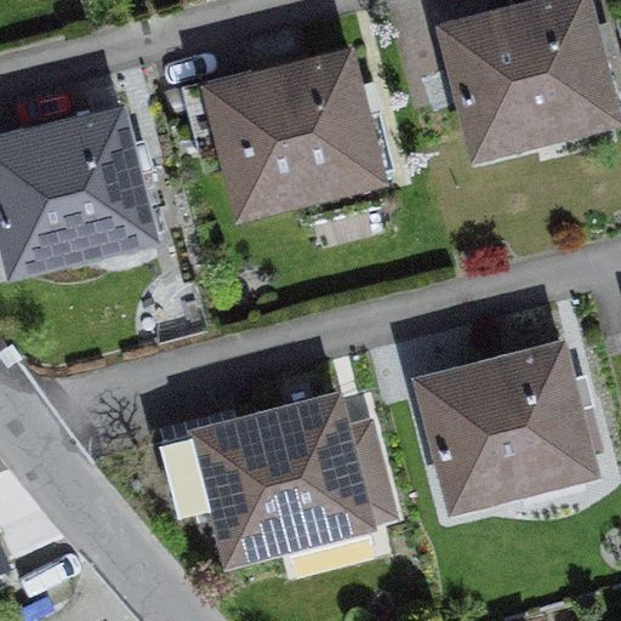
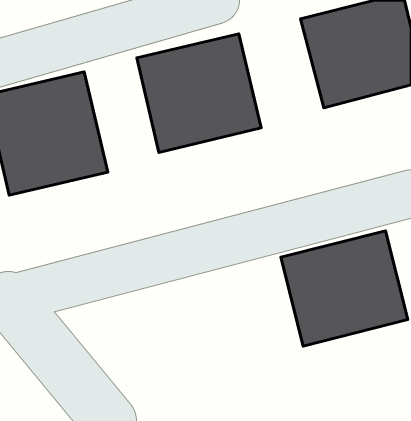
building: [196,397,389,560] -> none

